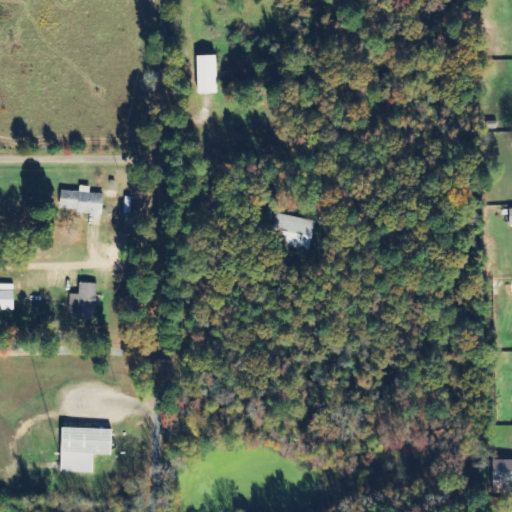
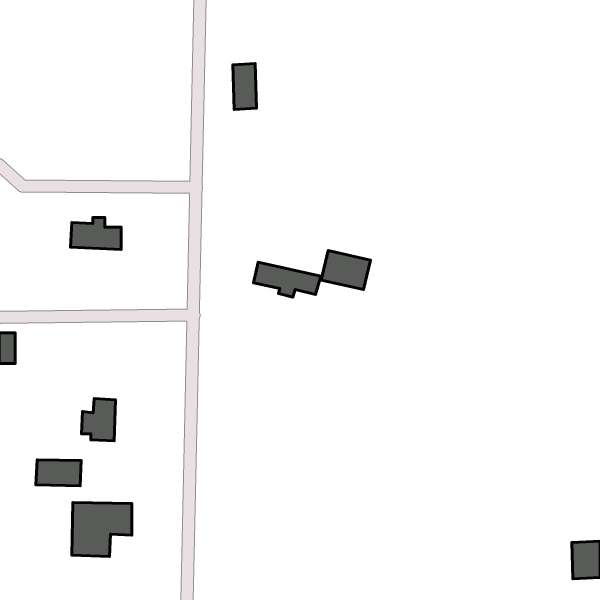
building: none -> [254,262,321,297]
building: [68,282,97,318] -> [81,399,115,441]
building: none -> [36,460,81,486]

